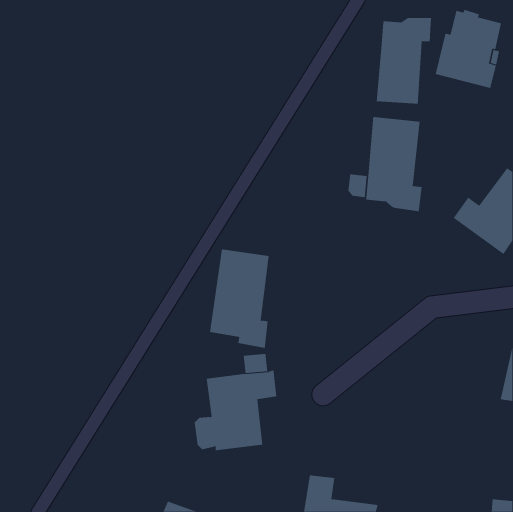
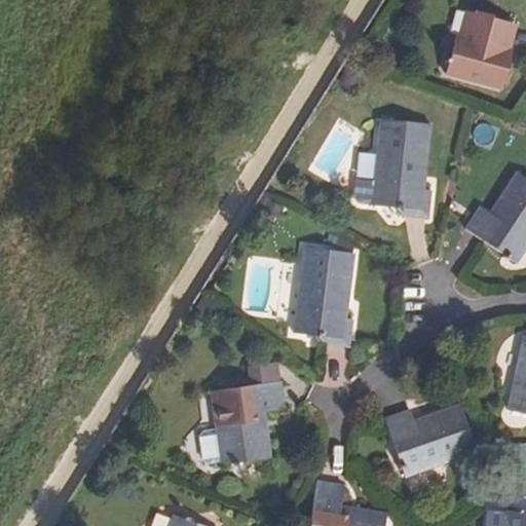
building: [376,17,431,104] -> none
building: [209,249,270,348] -> [293,249,354,350]
building: none -> [384,405,474,474]

